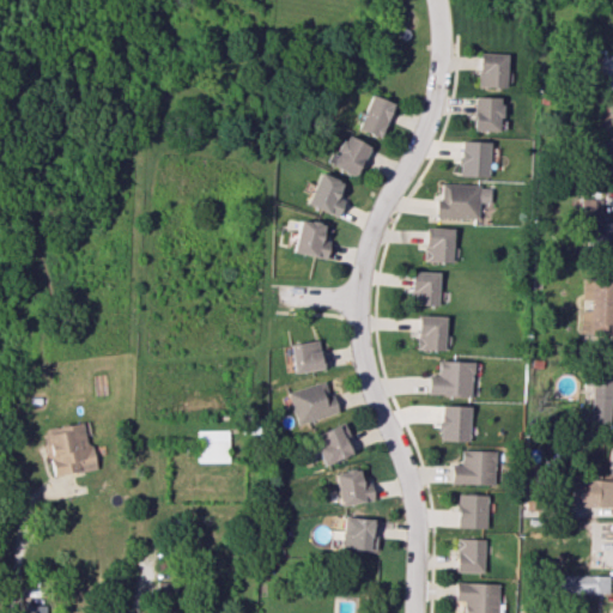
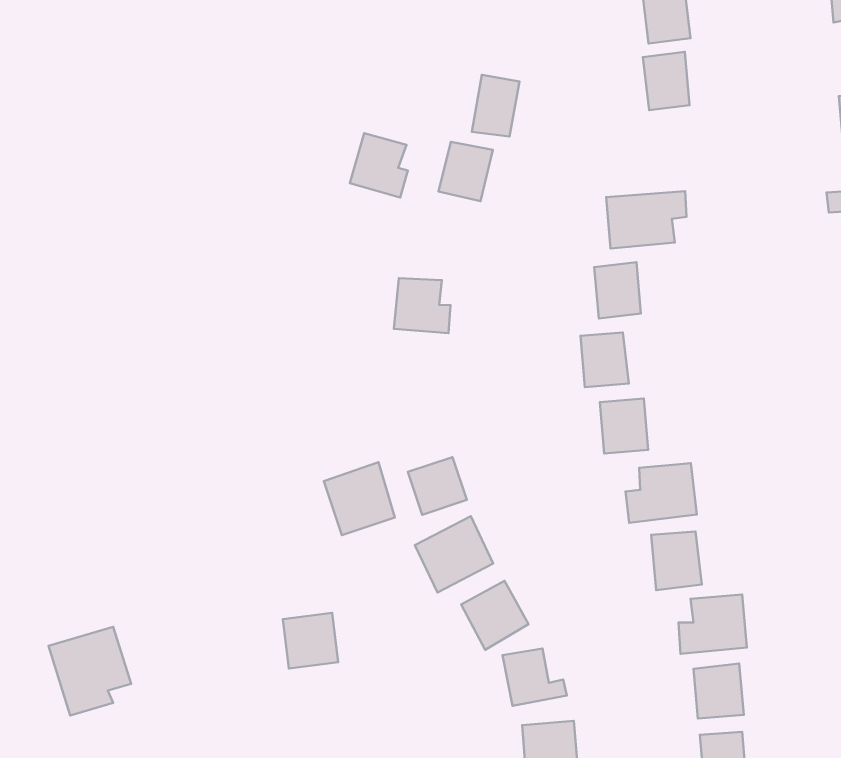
building: [463,141,493,177] -> none
building: [309,174,348,218] -> [350,133,408,197]
building: none -> [324,462,395,535]

